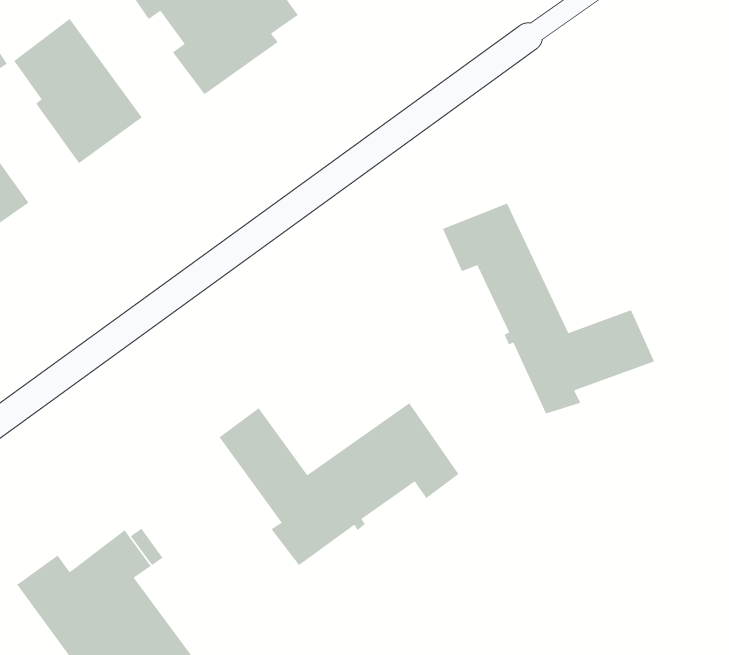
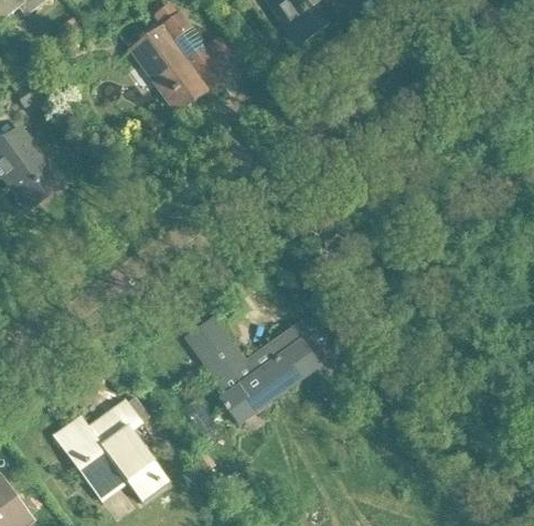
building: [13,18,143,164] -> none
building: [442,203,655,415] -> none

